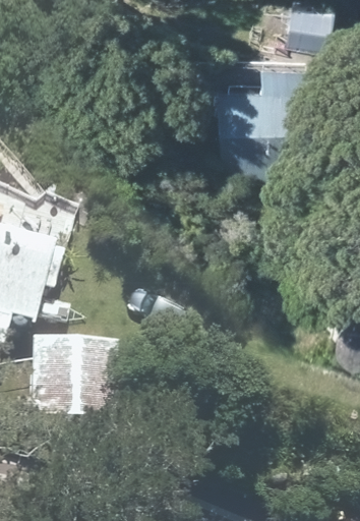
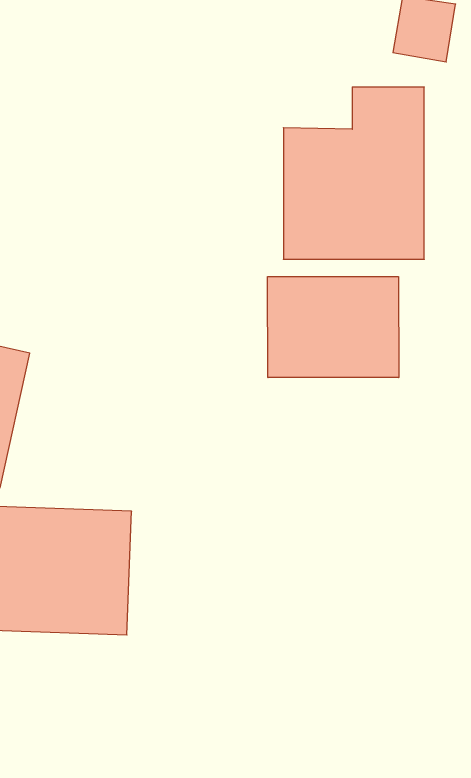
building: none -> [268,277,399,378]

